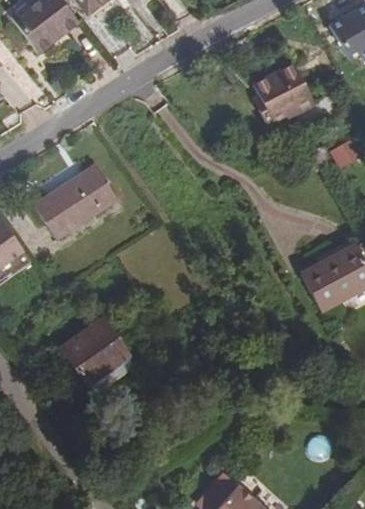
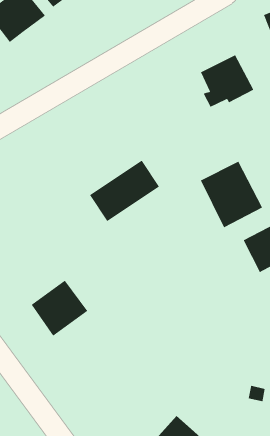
building: [35,166,115,236] -> [89,160,160,222]
building: none -> [200,161,263,228]

